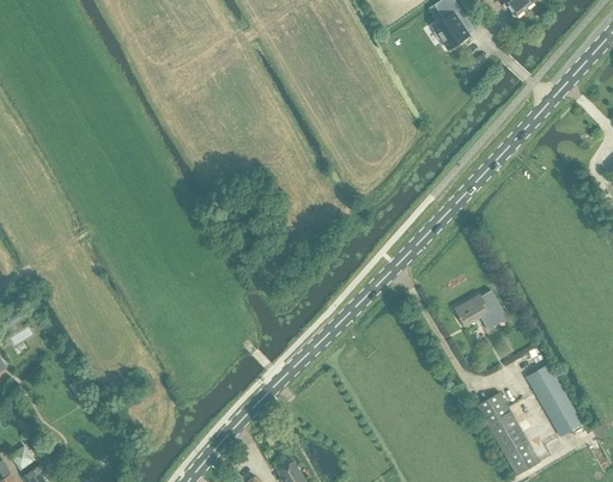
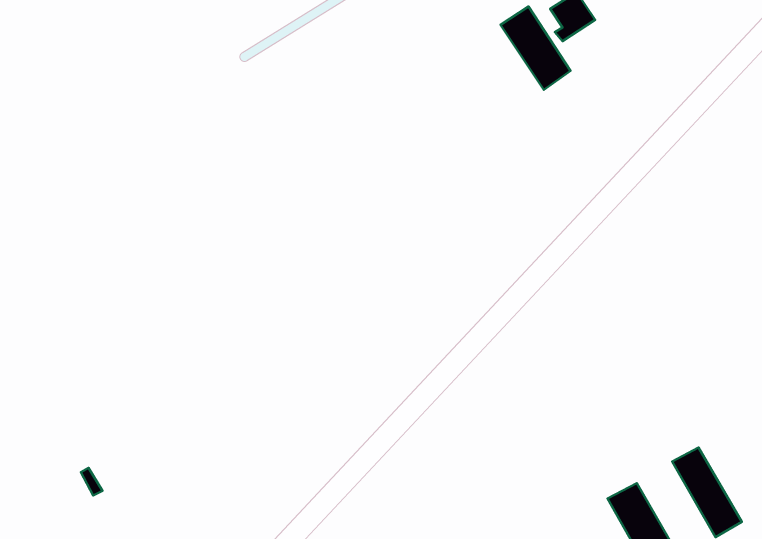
building: none -> [501,6,571,90]
building: [454,291,505,330] -> none

